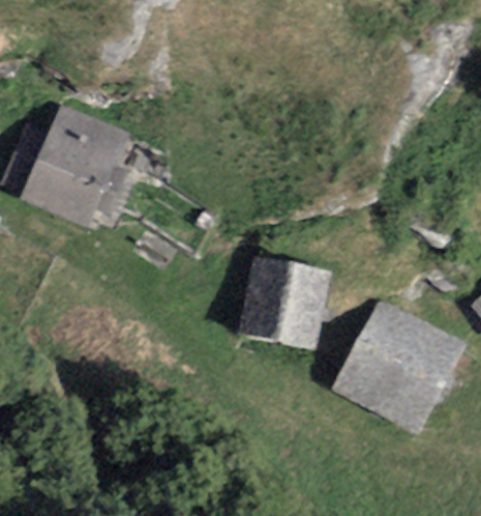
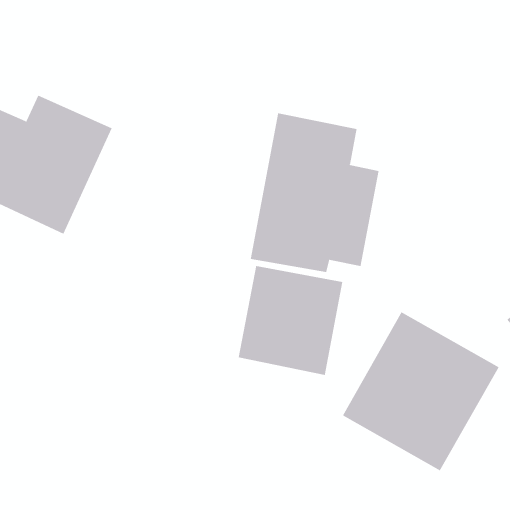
building: none -> [250,112,379,273]

